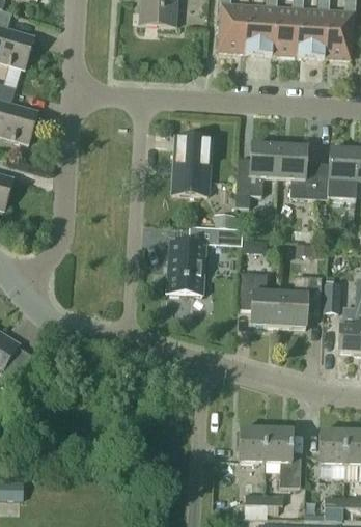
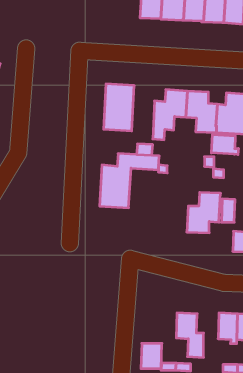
building: none -> [211,135,238,155]
building: [238,271,280,325] -> none
building: [239,428,266,461] -> [141,343,162,369]

